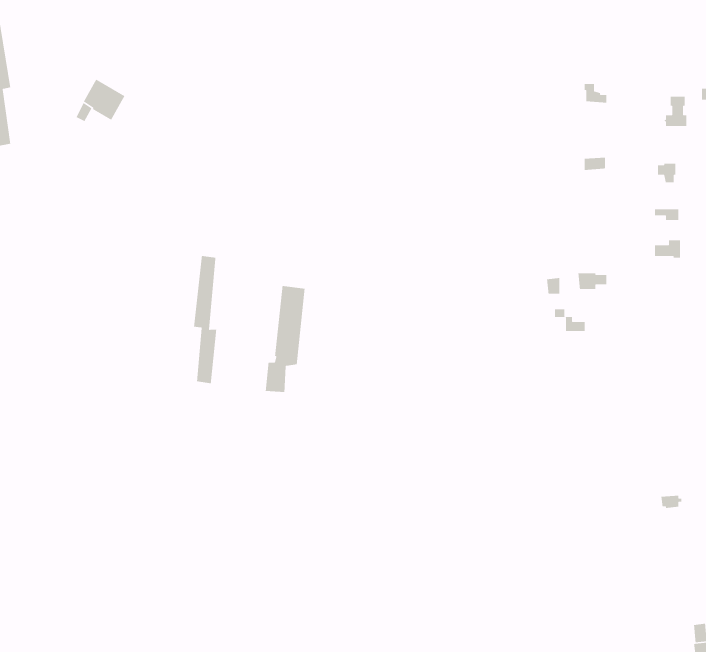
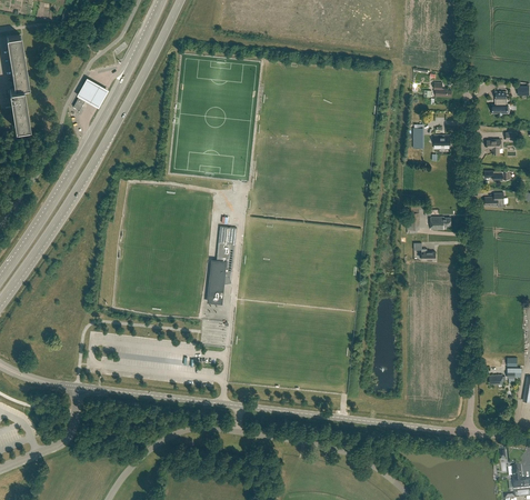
building: [193,255,217,384] -> none

